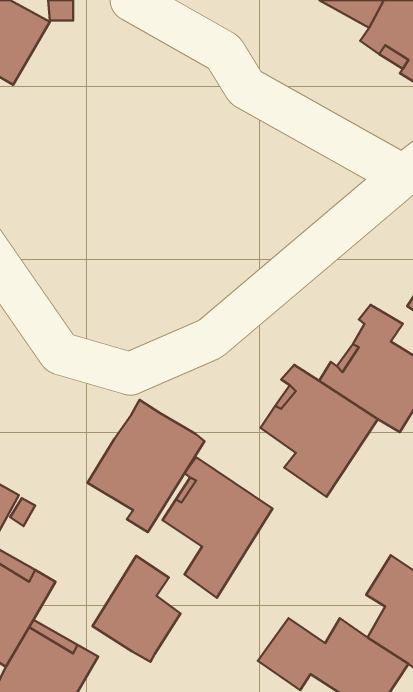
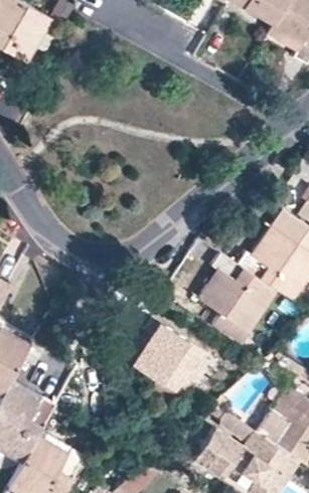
building: [88,400,204,532] -> none
building: [92,556,181,662] -> none

